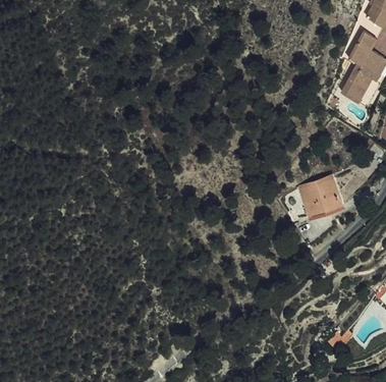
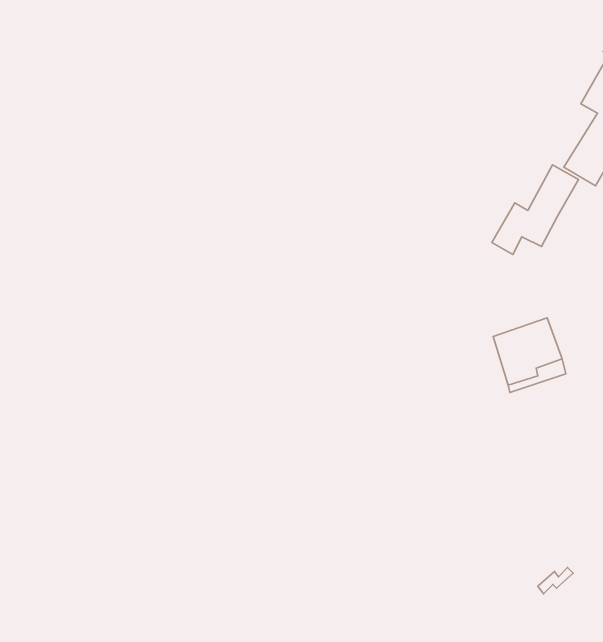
building: none -> [492,165,578,255]

